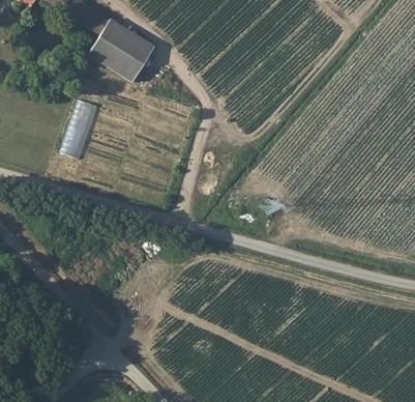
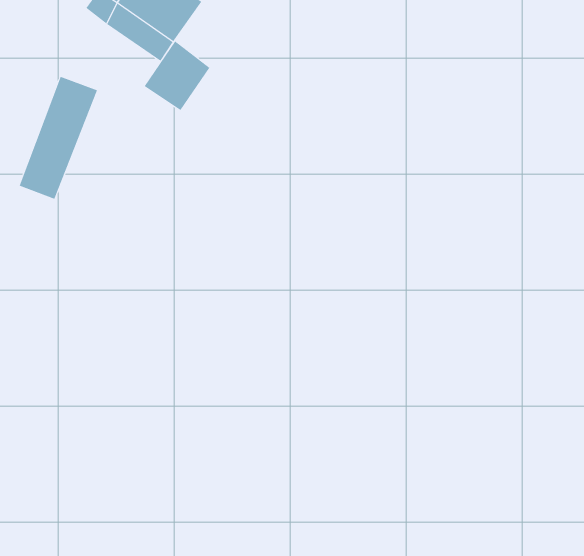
building: none -> [144,41,210,111]

